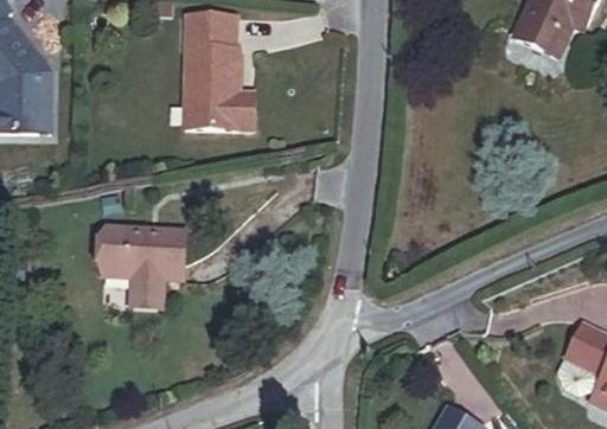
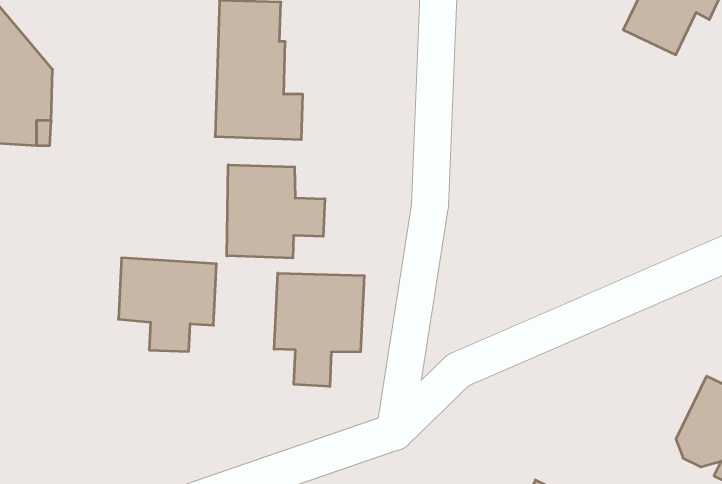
building: none -> [227,165,325,258]
building: none -> [274,273,364,387]

